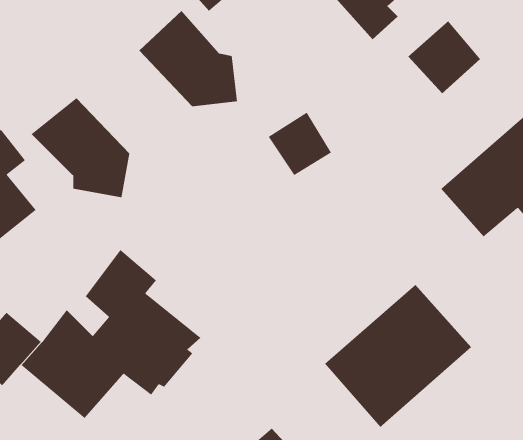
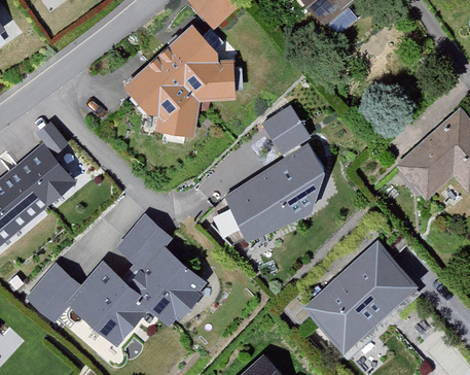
building: [407,20,481,94] -> none
building: [31,97,130,198] -> [121,57,200,136]
building: none -> [223,144,323,242]

